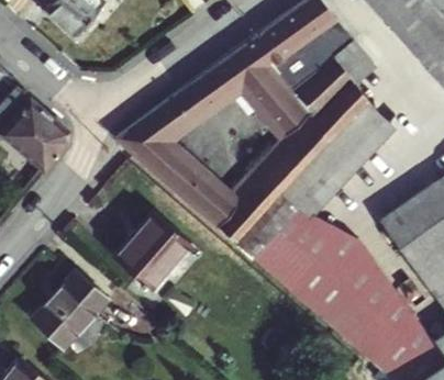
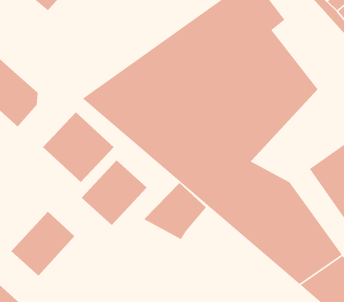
building: none -> [42,111,115,183]
building: none -> [143,182,207,240]

